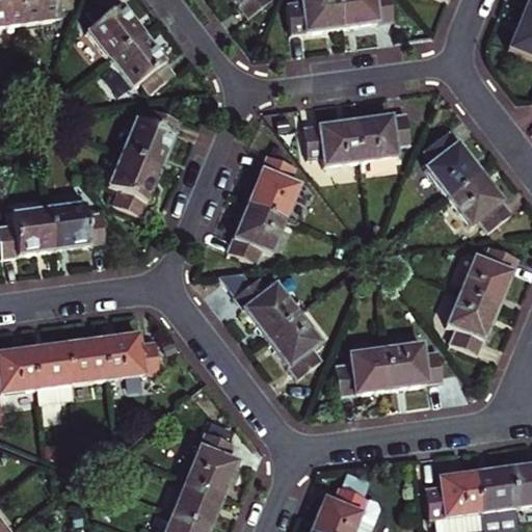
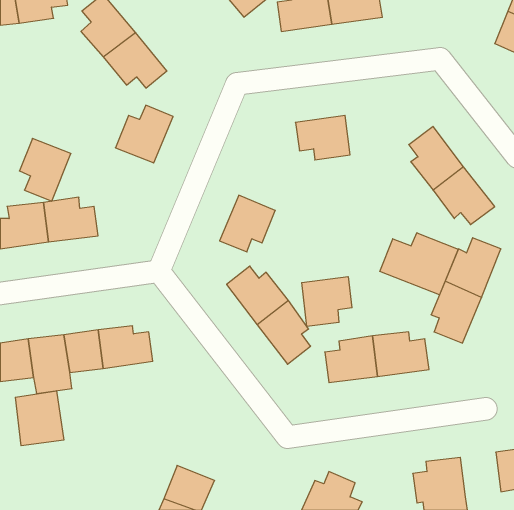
building: [357,112,413,159] -> none
building: [108,152,161,216] -> [19,138,71,201]
building: [248,152,300,216] -> none
building: none -> [380,233,458,295]
building: none -> [302,277,352,326]
building: none -> [15,391,64,446]
building: [185,431,236,494] -> none
building: [476,464,517,510] -> none

